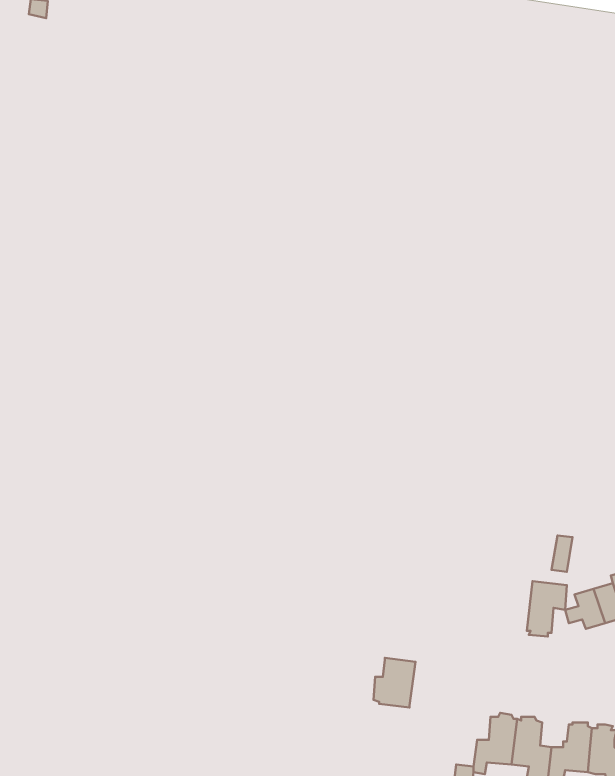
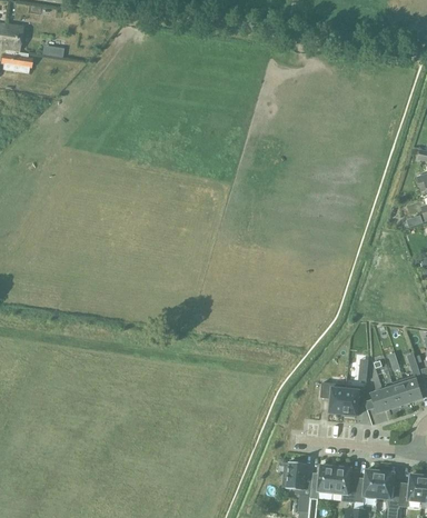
building: none -> [324,383,346,415]
building: [373,658,415,707] -> [284,461,308,490]

